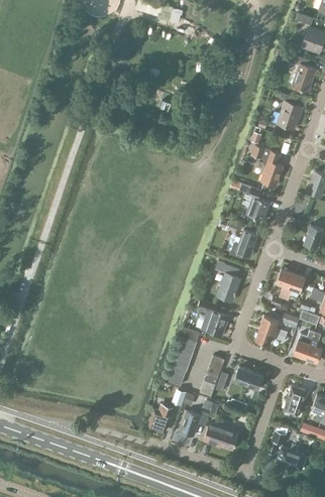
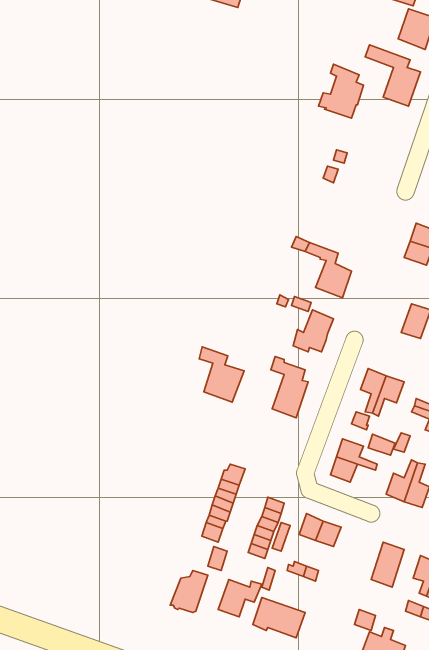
building: [273,93,303,129] -> [319,64,364,118]
building: [251,145,284,187] -> none
building: [199,298,229,336] -> [199,347,244,402]

